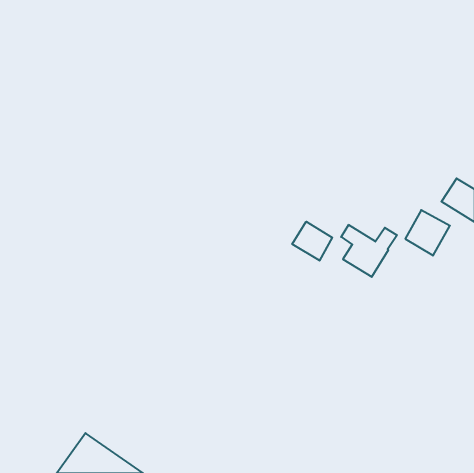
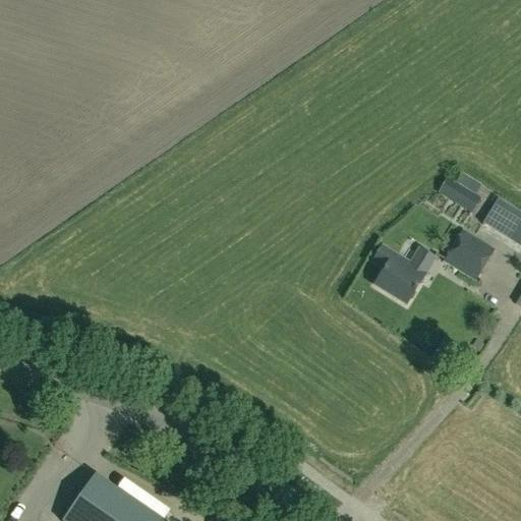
building: none -> [440,177,482,213]
building: [292,222,332,261] -> none

